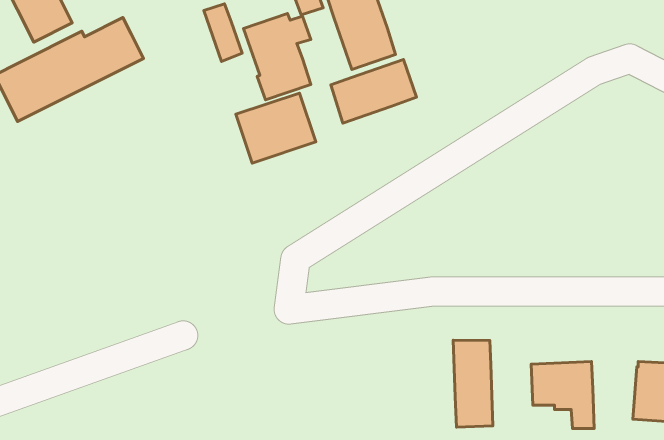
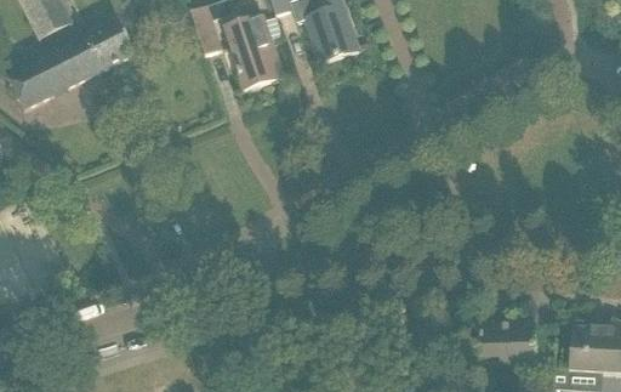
building: [331,60,416,123] -> none
building: [236,93,316,163] -> none
building: [453,340,493,427] -> none

